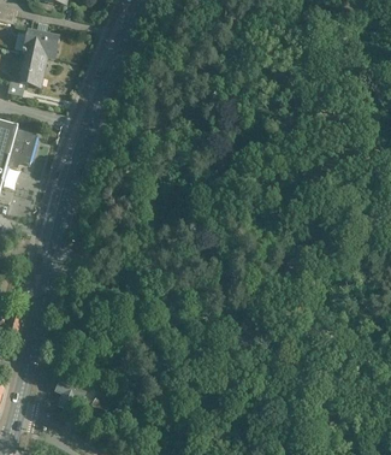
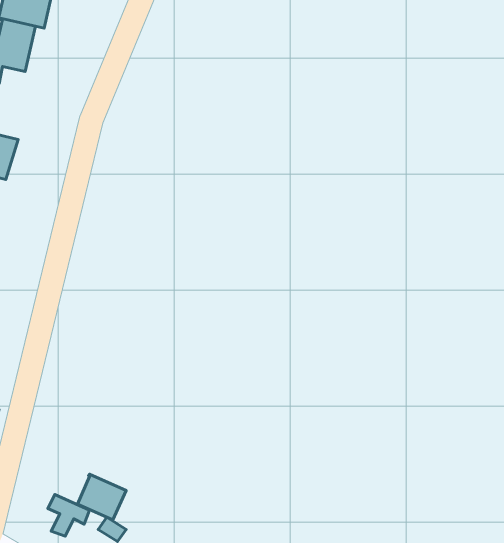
building: none -> [77,474,126,520]

